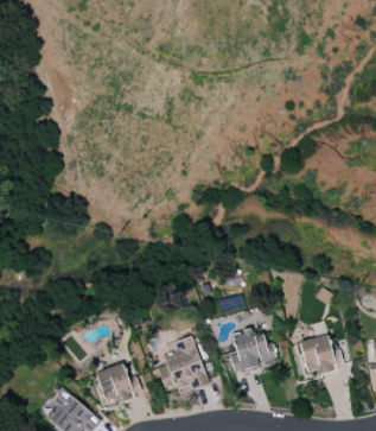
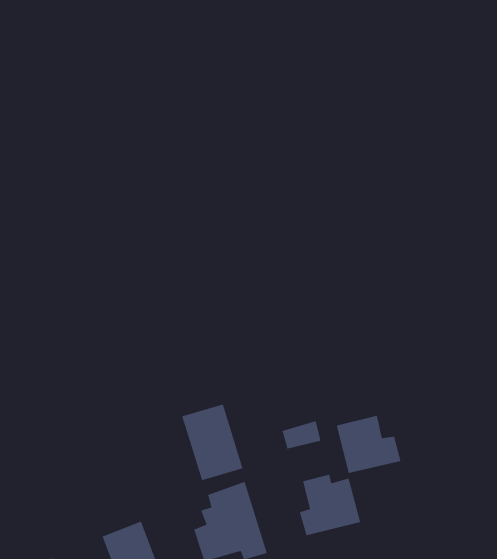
building: none -> [181,403,244,481]
building: [299,335,344,375] -> [336,415,402,474]

